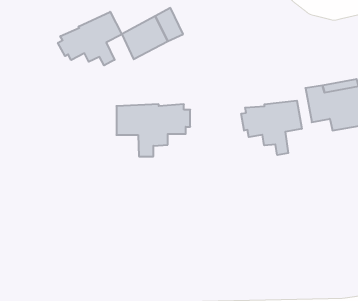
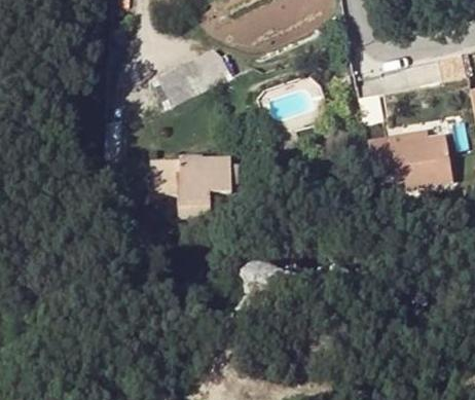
building: [58,12,122,65] -> none
building: [241,101,302,155] -> none

